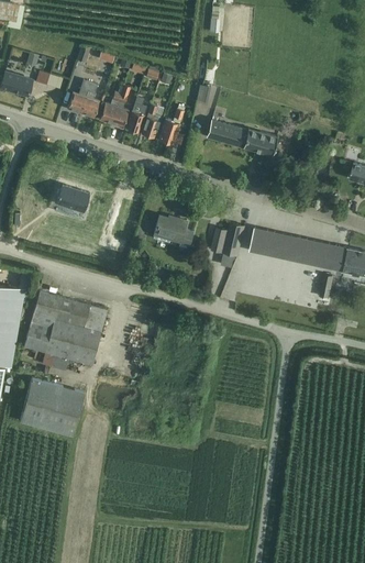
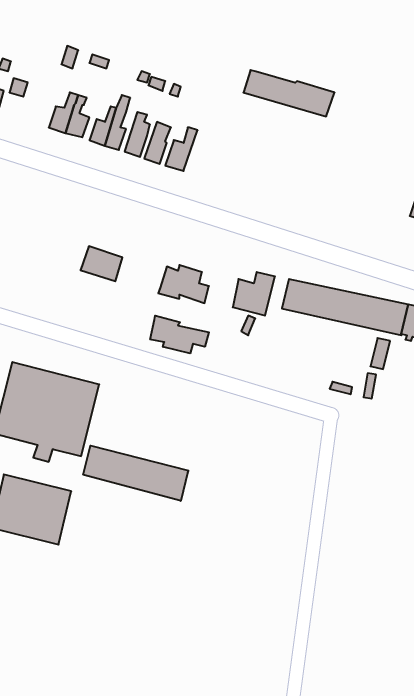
building: [207,120,278,156] -> [243,70,335,116]
building: [56,184,89,211] -> [80,246,122,281]
building: none -> [150,316,209,353]
building: none -> [83,446,188,501]

